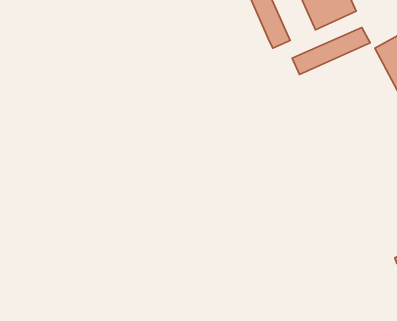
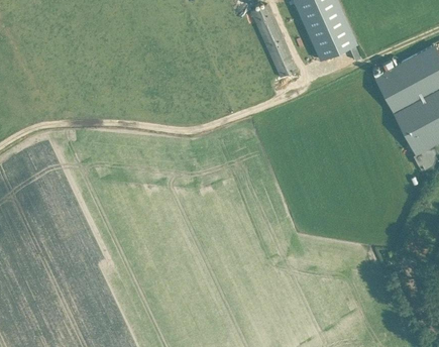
building: [292,27,370,75] -> none

